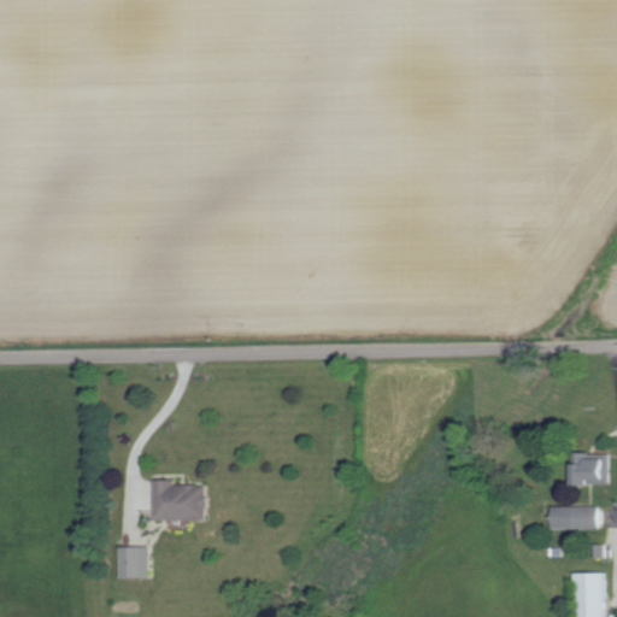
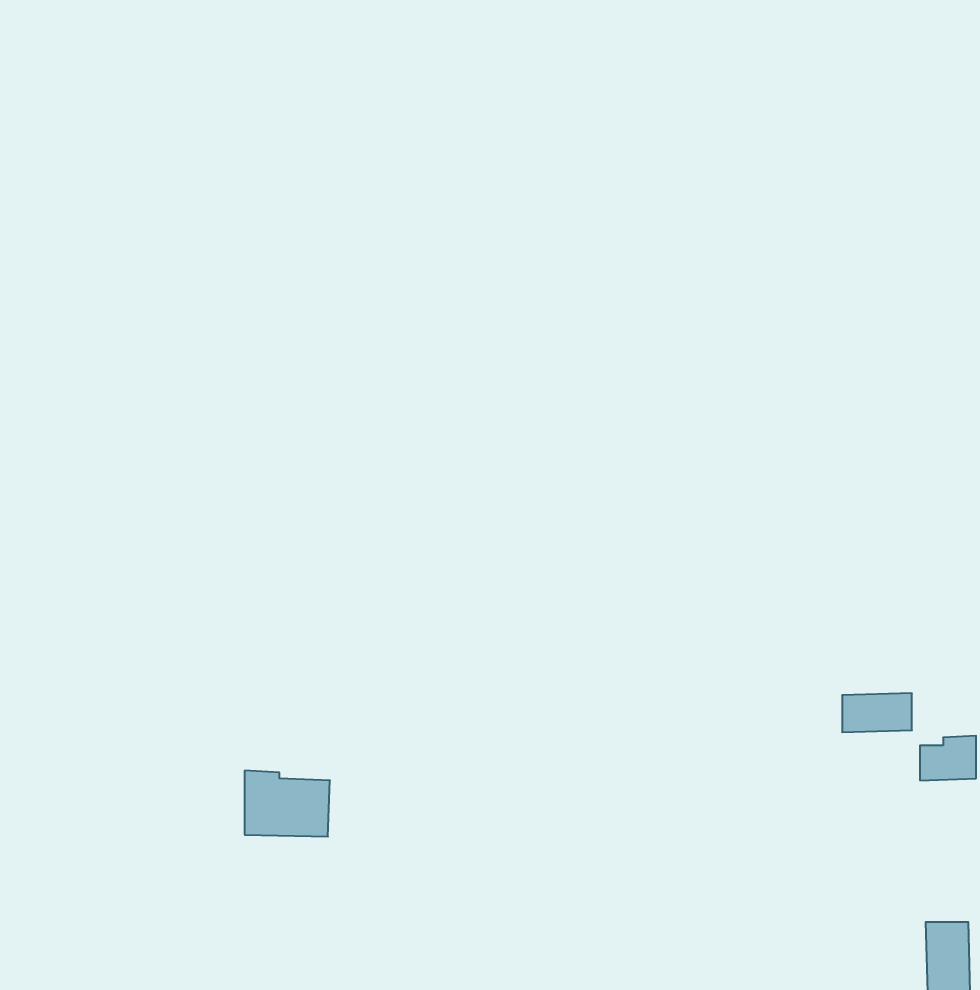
building: [552,506,595,530] -> [842,693,912,732]
building: [117,547,147,578] -> none

